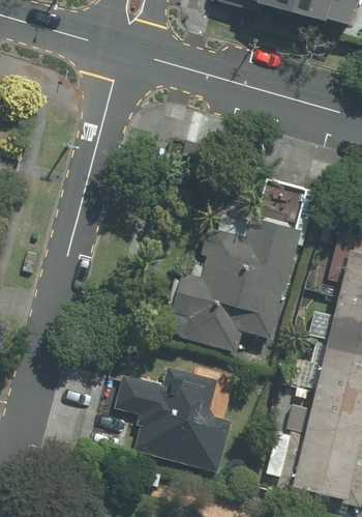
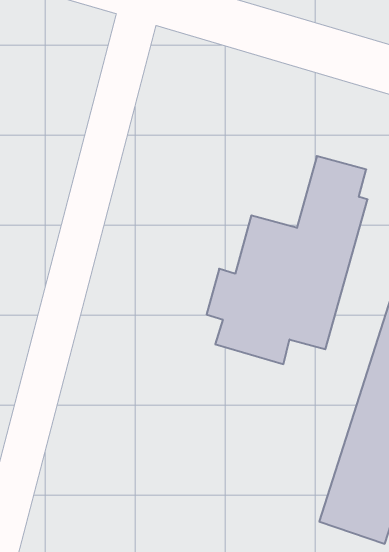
building: [124,367,243,469] -> none

